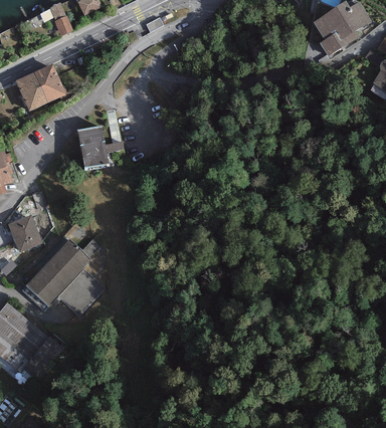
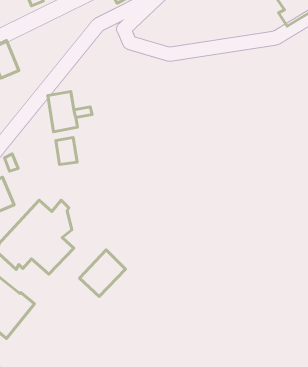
building: [34,63,65,102] -> none
building: none -> [56,137,77,164]
building: none -> [80,250,125,296]

